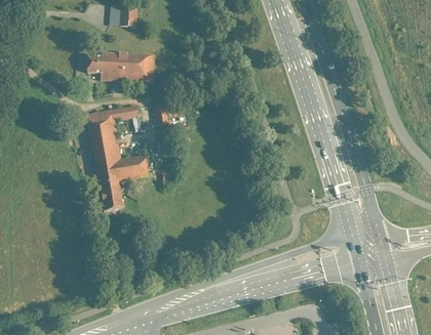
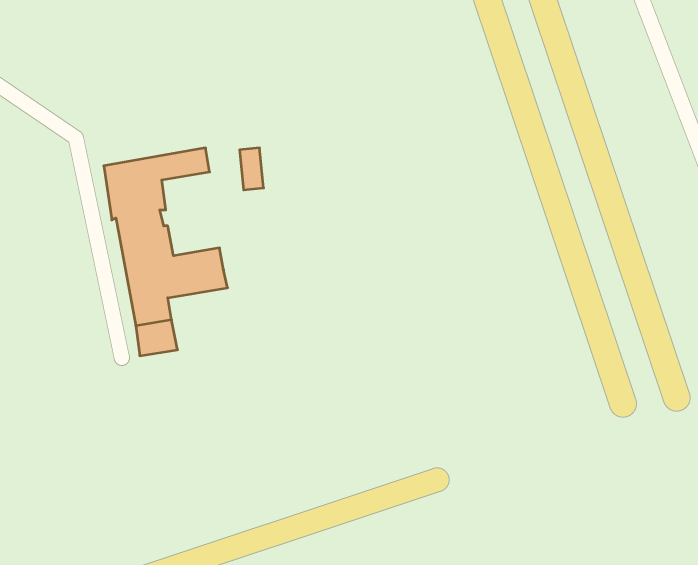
building: [88,51,156,82] -> none

